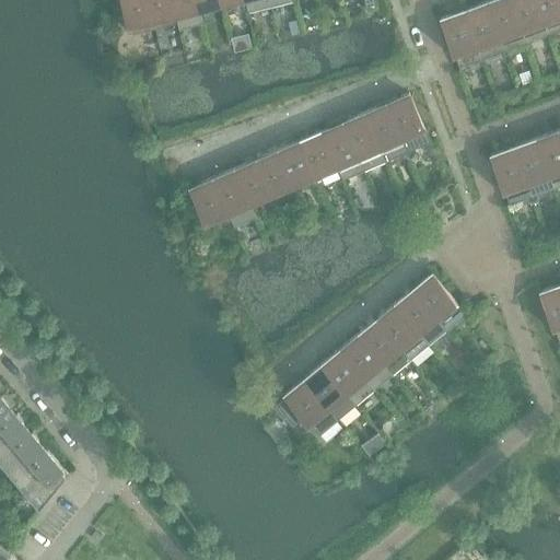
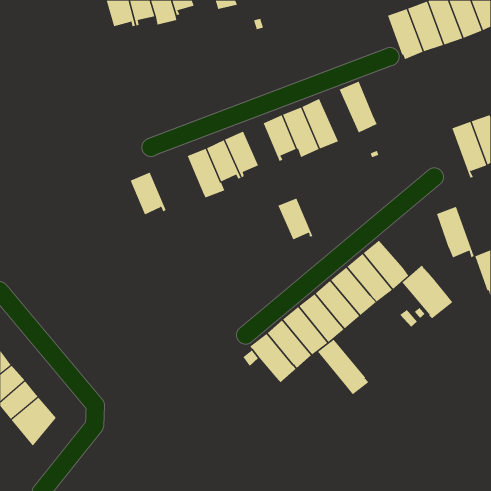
building: [363,103,407,162] -> none
building: [277,141,317,189] -> [278,198,313,240]
building: [490,147,534,206] -> [436,206,475,258]
building: [189,178,231,228] -> [130,172,167,215]
building: none -> [401,264,453,319]
building: none -> [317,339,369,395]

